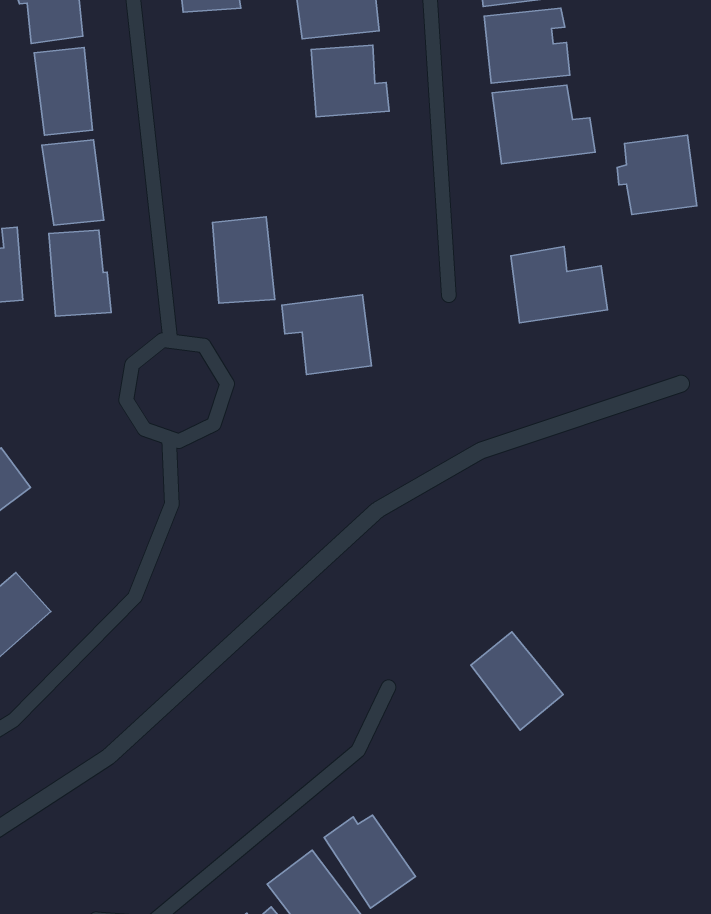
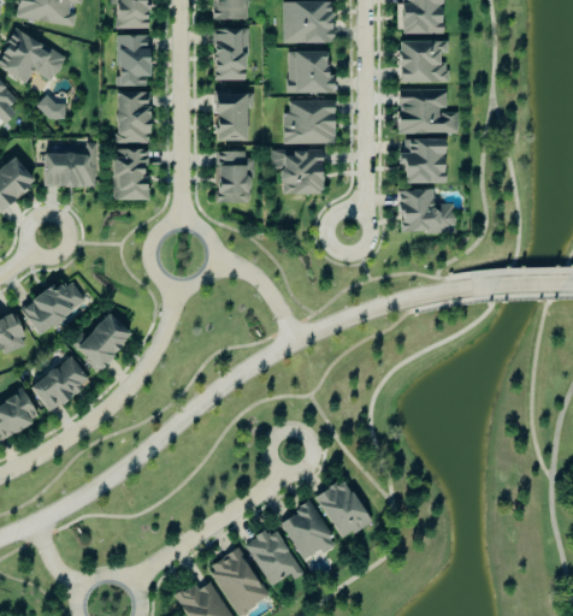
building: none -> [213,29,243,81]
building: none -> [285,100,335,144]
building: none -> [214,94,247,142]
building: [617,135,697,215] -> [398,138,445,184]
building: [282,295,372,374] -> [271,149,323,195]
building: none -> [71,314,131,372]
building: [471,632,563,730] -> [315,478,371,539]
building: none -> [280,502,335,561]

